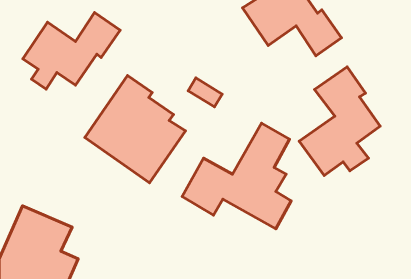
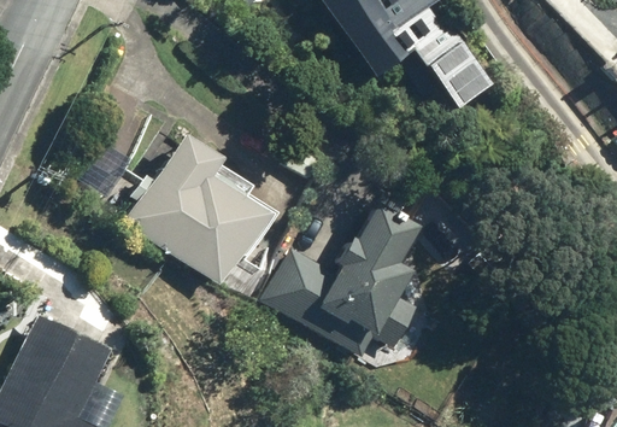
building: [23,12,120,89] -> none
building: [299,67,380,175] -> none

